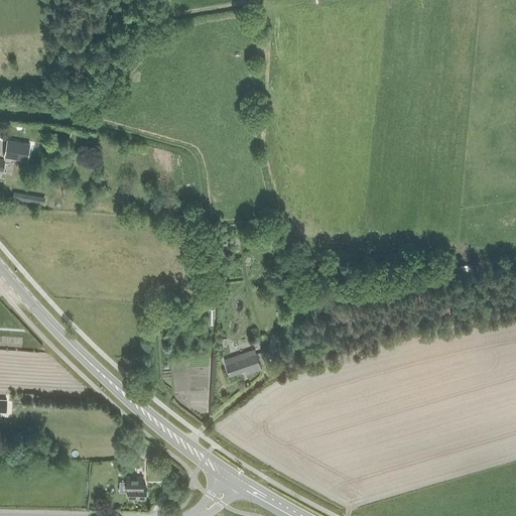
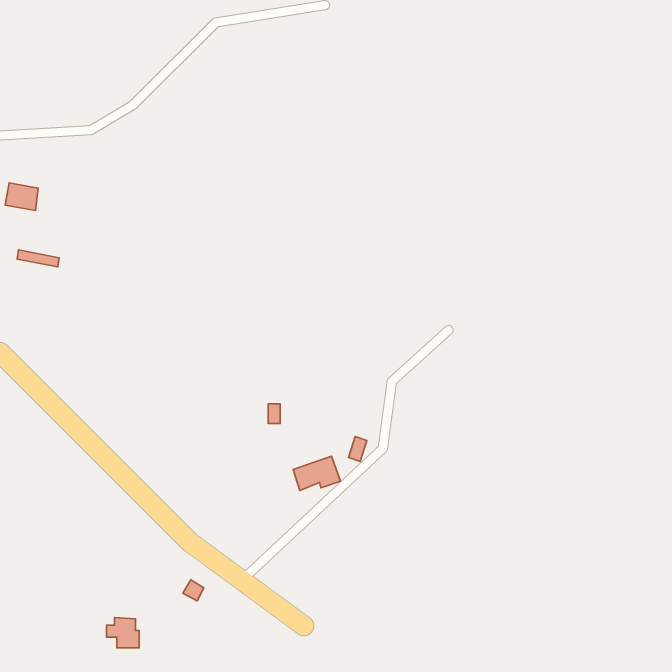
building: [120,476,145,499] -> [106,617,139,648]

